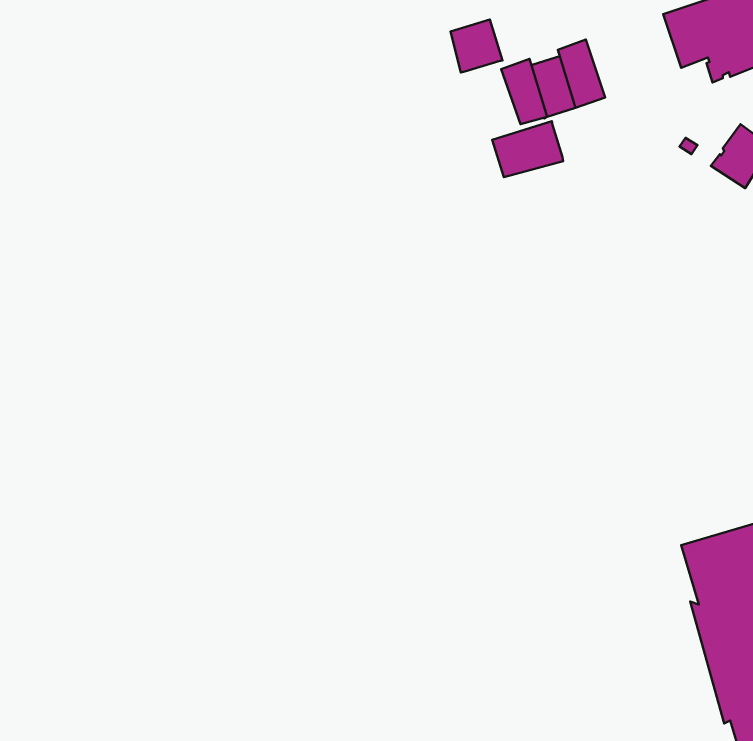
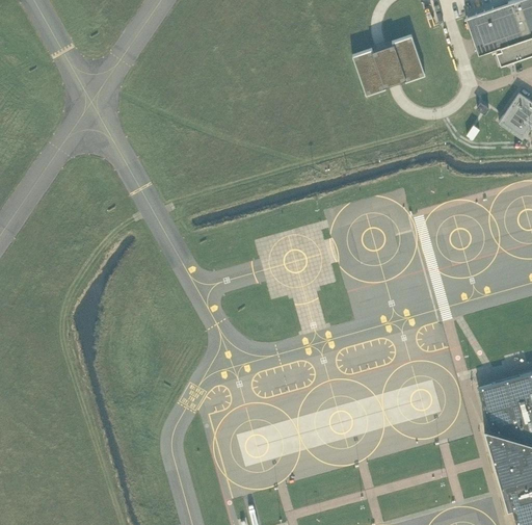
building: [450,19,503,72] -> none
building: [492,121,563,177] -> none

